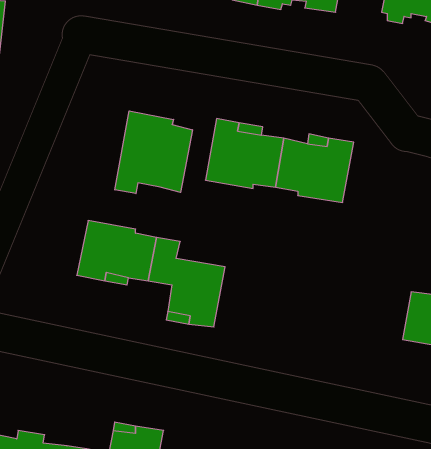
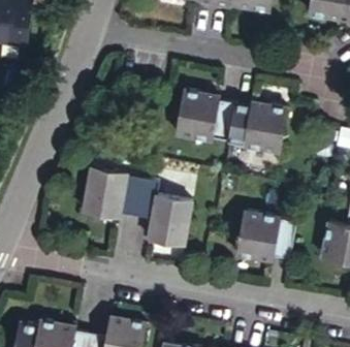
building: [115,111,192,194] -> none
building: none -> [234,210,295,259]

